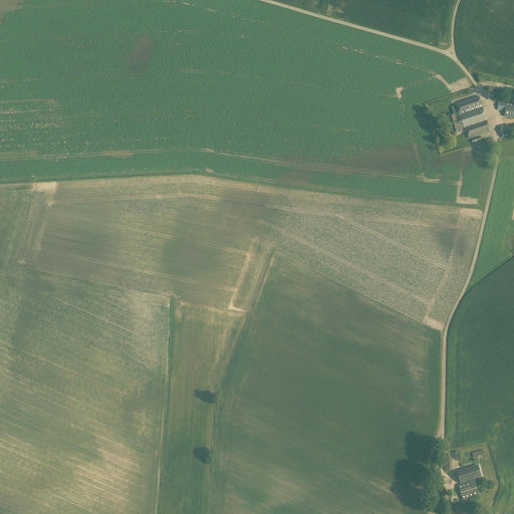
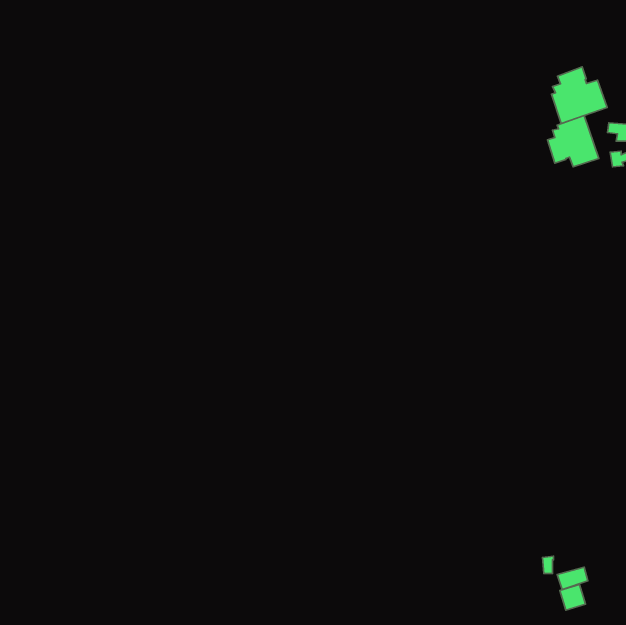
building: none -> [552,67,607,123]

